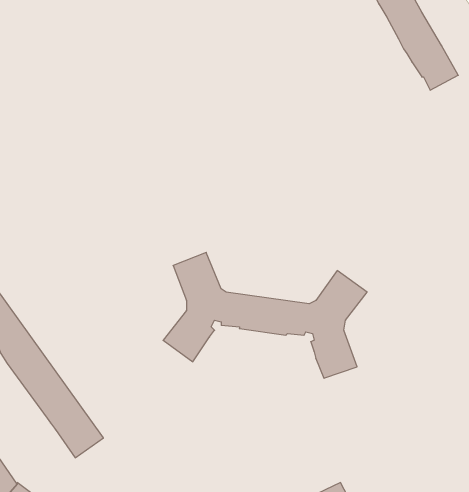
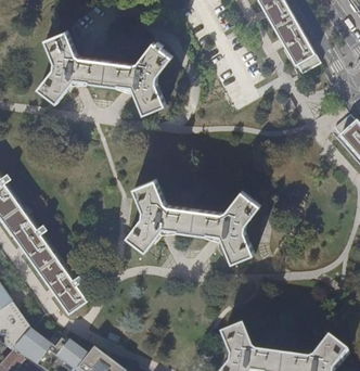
building: none -> [39,30,171,113]

